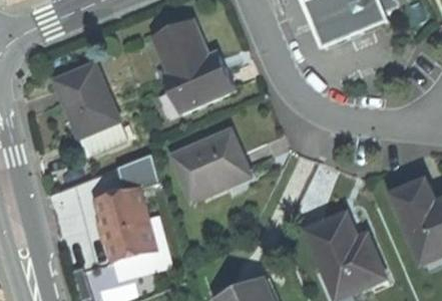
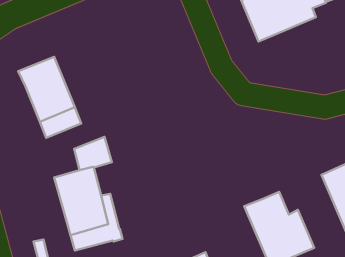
building: [152,19,235,112] -> none
building: [171,129,250,202] -> none

